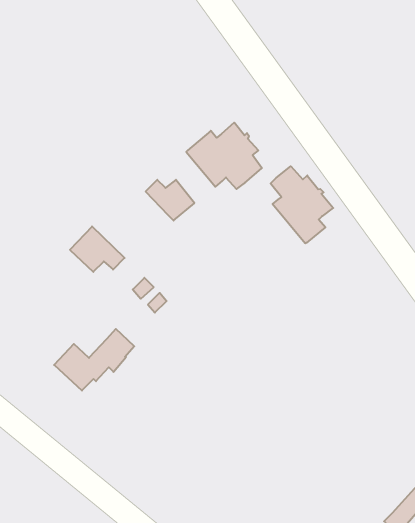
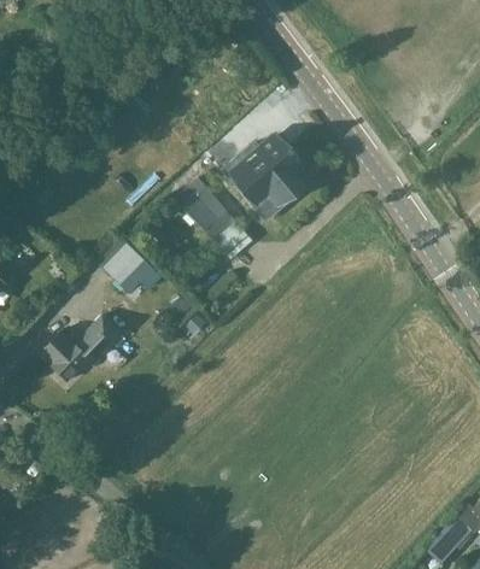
building: [271,166,333,243] -> none
building: [54,329,134,391] -> [37,316,121,380]

